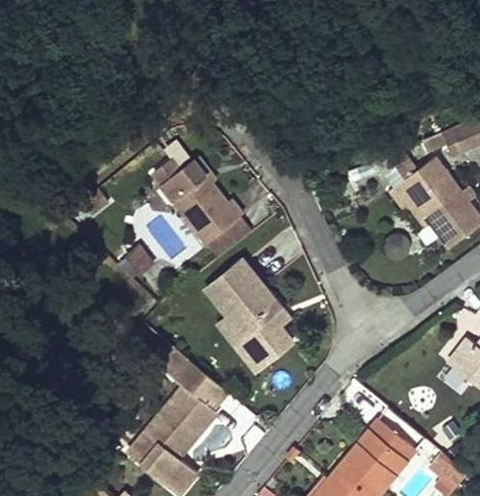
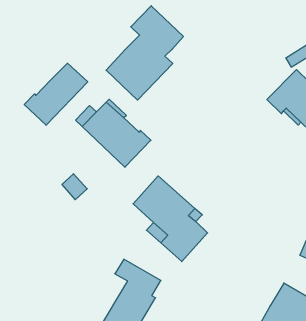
building: none -> [106,6,183,100]
building: none -> [24,63,88,125]

